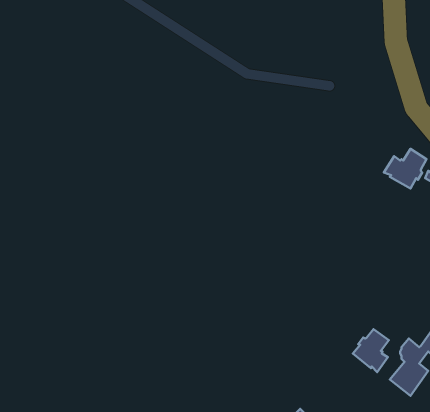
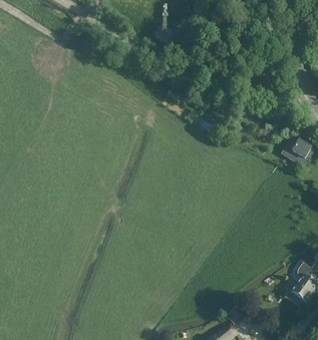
building: [353,329,389,372] -> none

